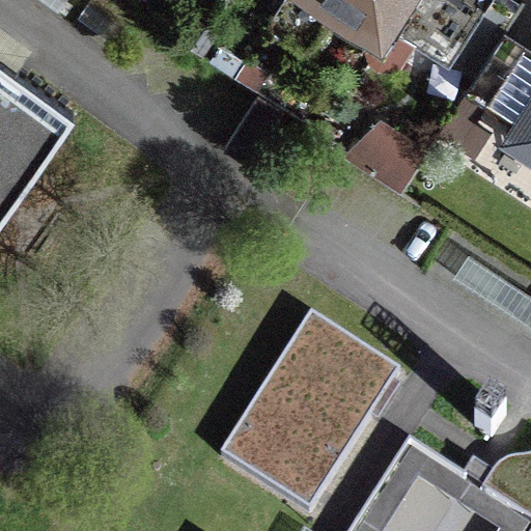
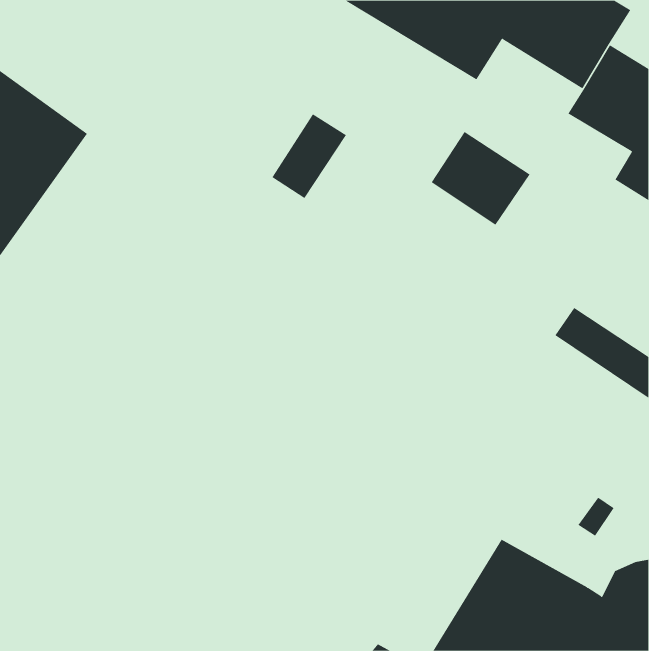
building: [219,314,399,510] -> none

